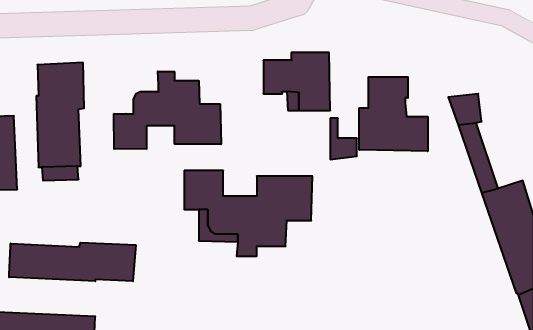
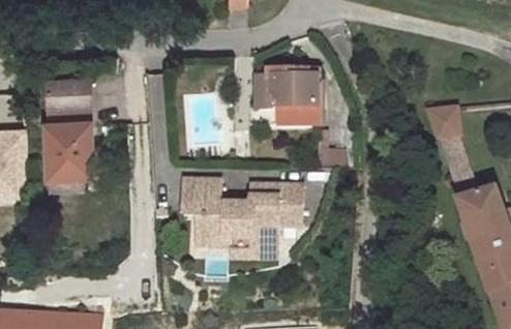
building: [114,71,221,149] -> none
building: [359,77,428,151] -> none
building: [9,243,136,281] -> none

